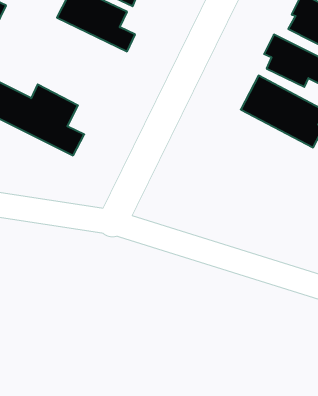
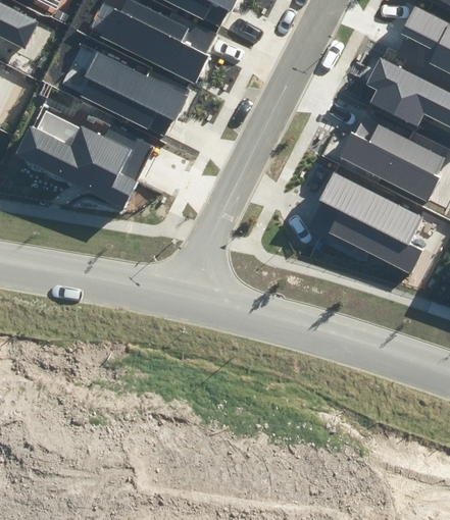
building: none -> [85,51,187,127]
building: none -> [304,172,422,274]

